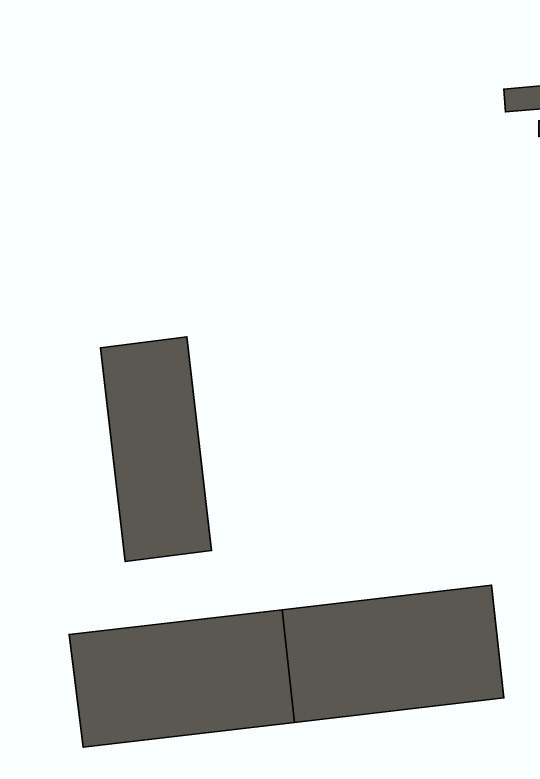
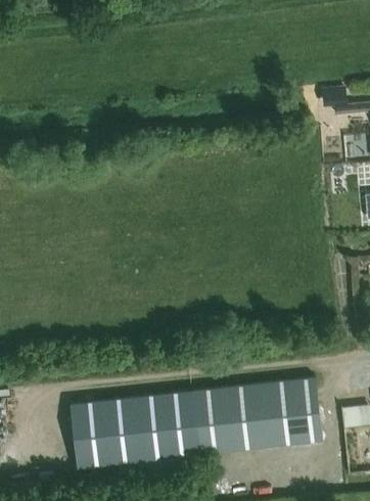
building: [101,337,211,561] -> none

